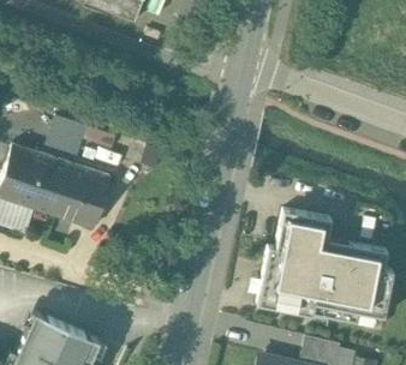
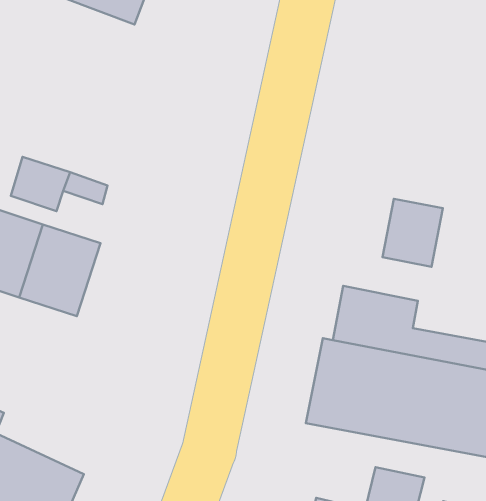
building: none -> [383,199,443,267]

